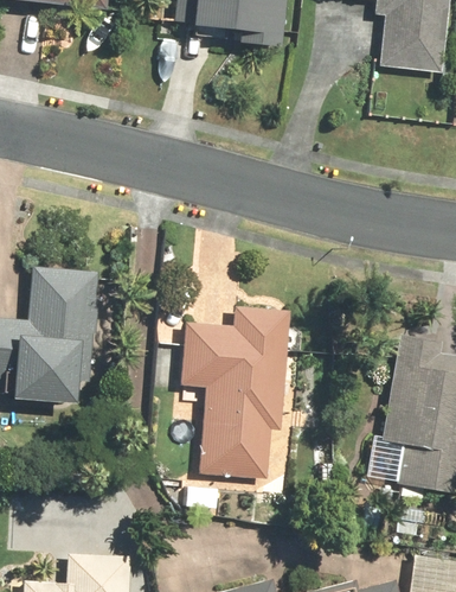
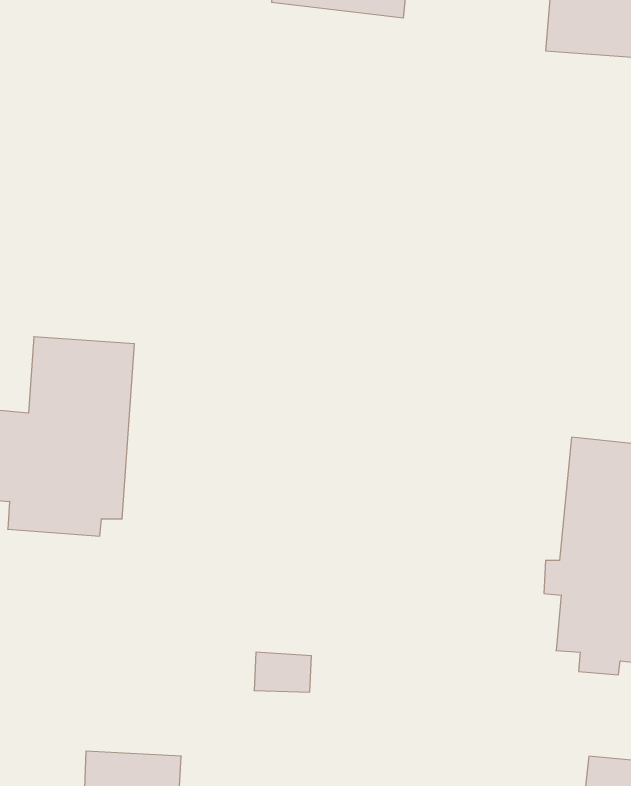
building: [181,307,284,476] -> none

